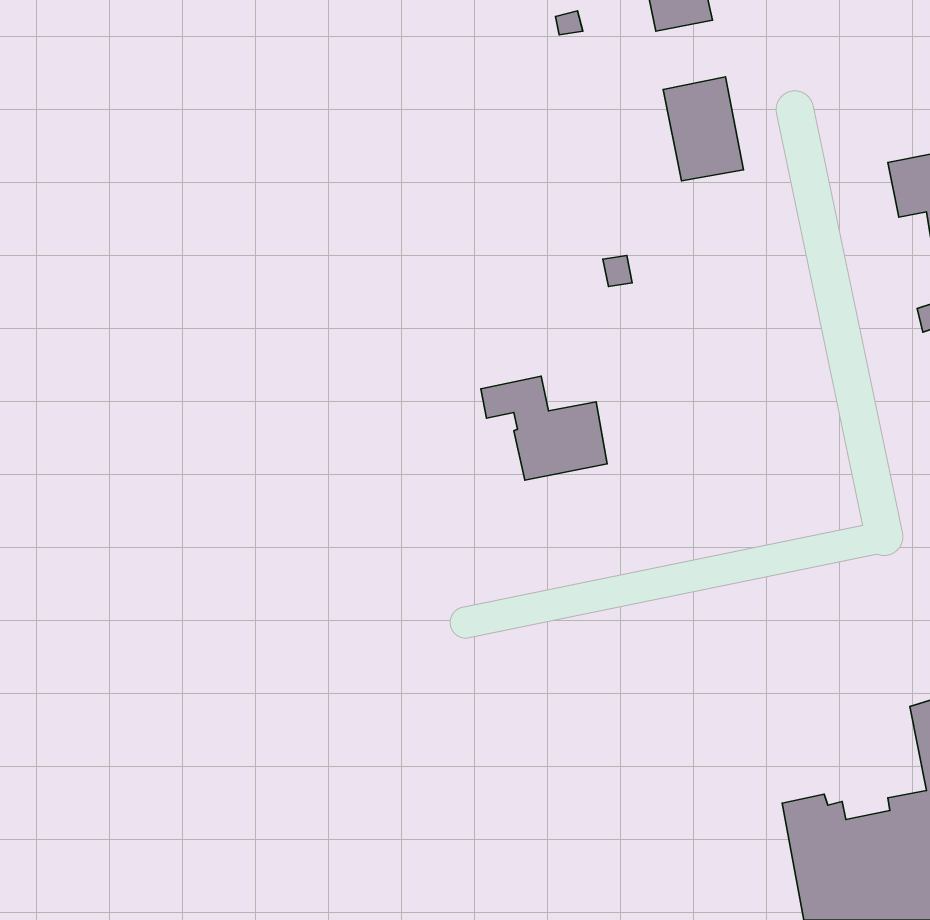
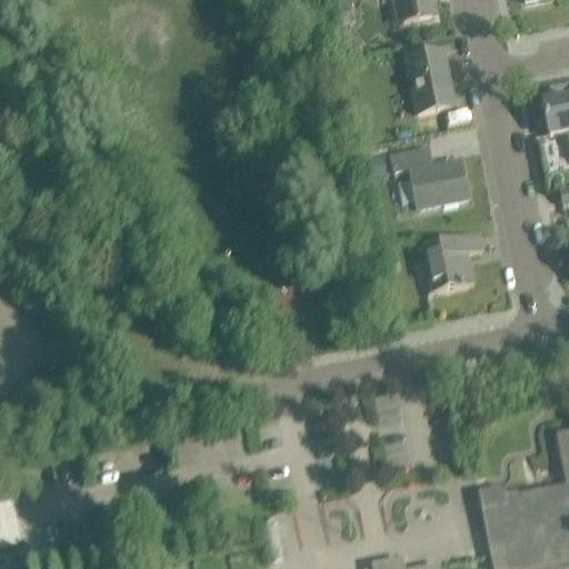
building: [481,376,607,480] -> [392,144,469,208]
building: none -> [425,231,483,289]

